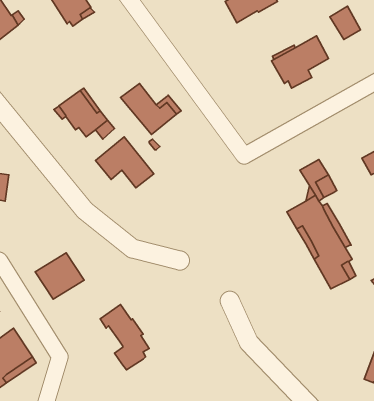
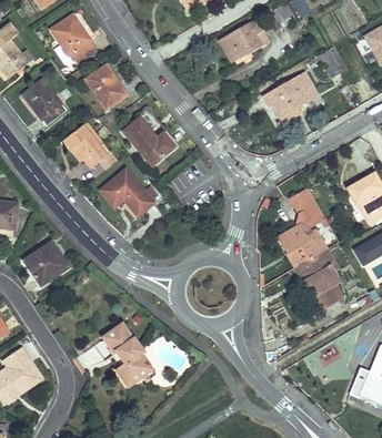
building: none -> [84,63,127,110]
building: none -> [23,79,66,124]
building: [35,253,84,299] -> [23,242,69,285]

